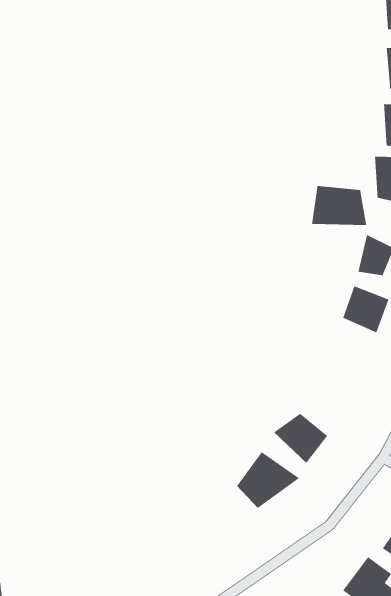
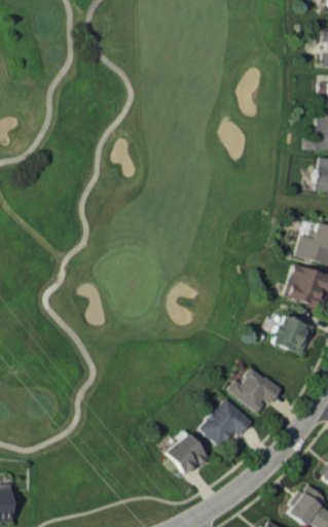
building: [311,185,367,226] -> none
building: none -> [275,316,313,355]
building: none -> [167,433,208,472]

